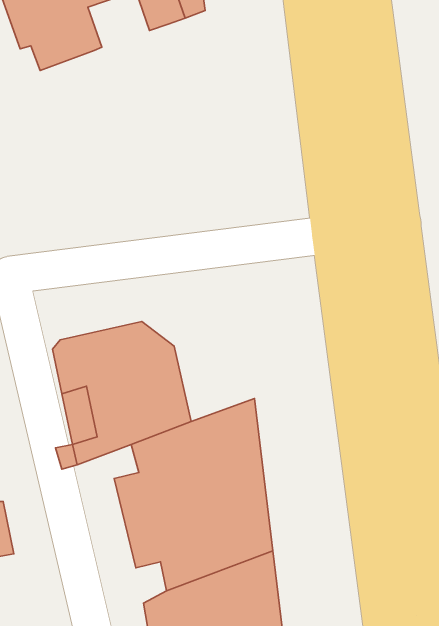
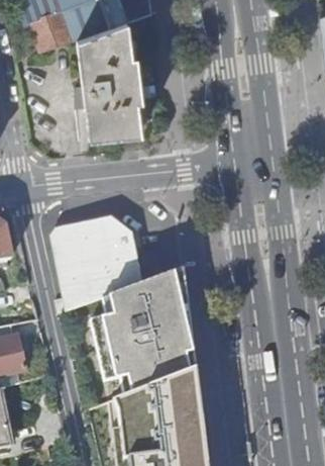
building: none -> [76,22,145,139]

